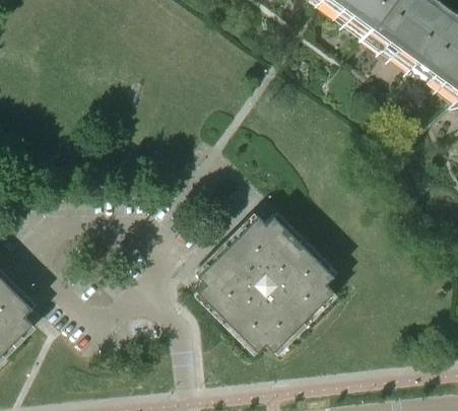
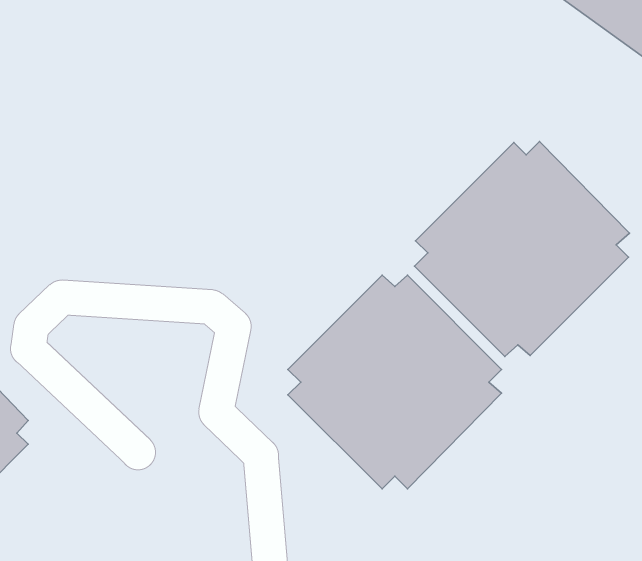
building: none -> [415,141,630,356]

